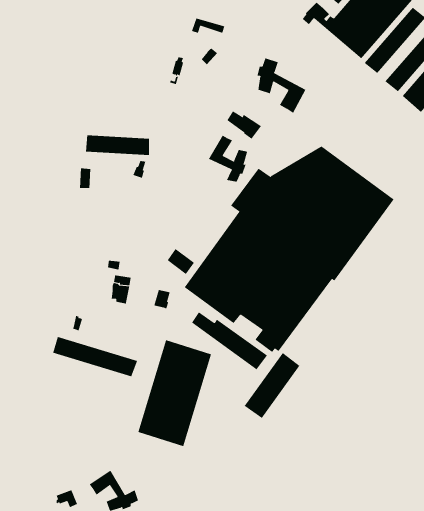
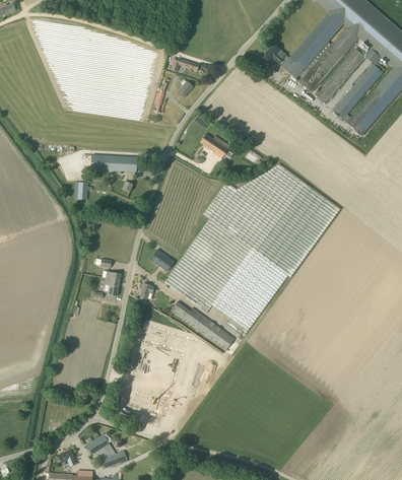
building: [257,58,306,114] -> none
building: [208,135,248,182] -> none
building: [53,336,138,377] -> none
building: [244,352,300,419] -> none

